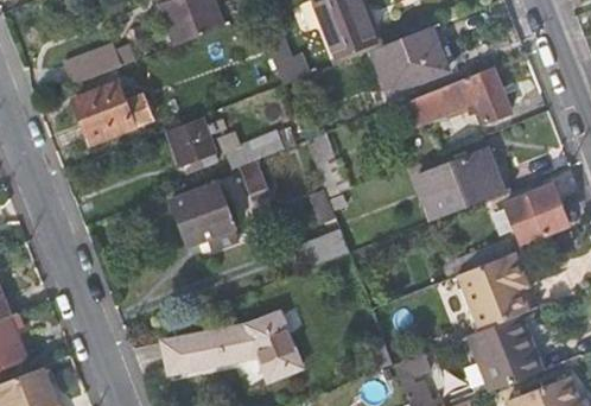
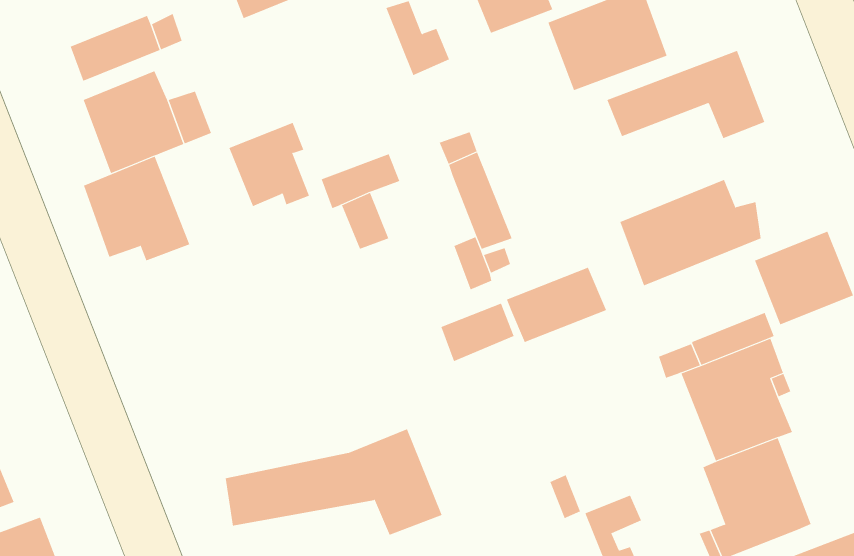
building: [171,182,240,249] -> [83,156,190,261]
building: none -> [506,267,607,343]

